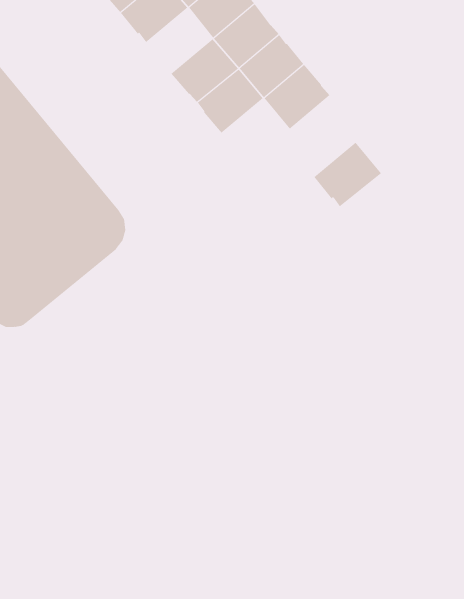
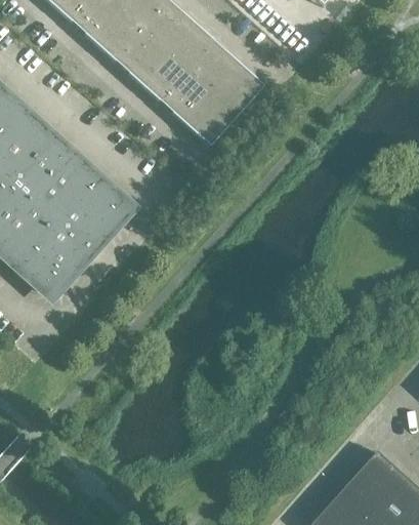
building: none -> [121,36,170,87]
building: [314,142,382,207] -> [186,95,237,146]

